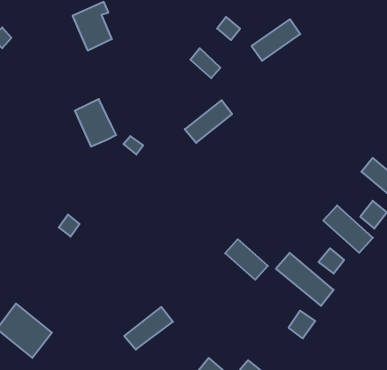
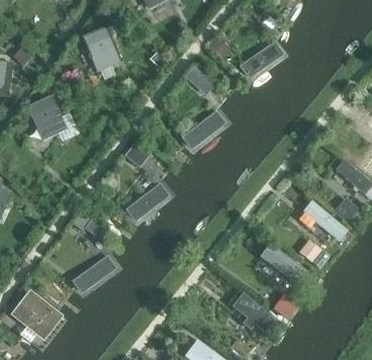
building: [75,99,116,147] -> [28,96,65,138]
building: none -> [125,184,168,221]
building: [225,239,268,280] -> [235,297,272,333]
building: [124,307,173,350] -> [71,257,113,294]

